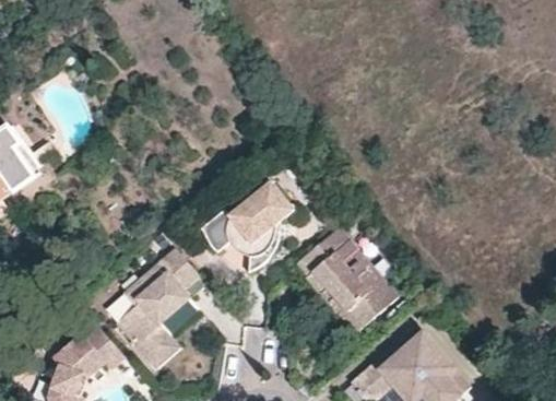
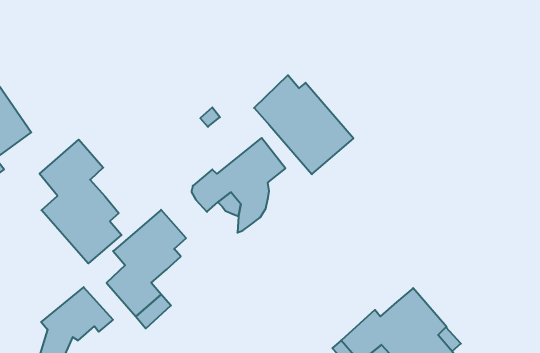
building: none -> [40,140,122,263]
building: [297,233,397,332] -> [254,75,353,174]

